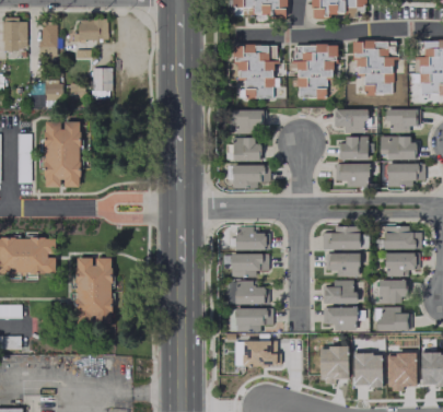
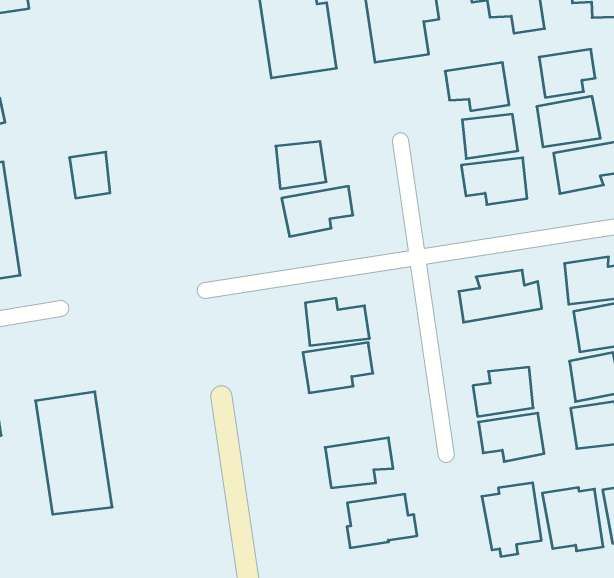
building: [92,68,113,91] -> [69,152,110,198]
building: [231,109,263,134] -> none
building: [325,254,360,276] -> none
building: [228,281,265,305] -> none

